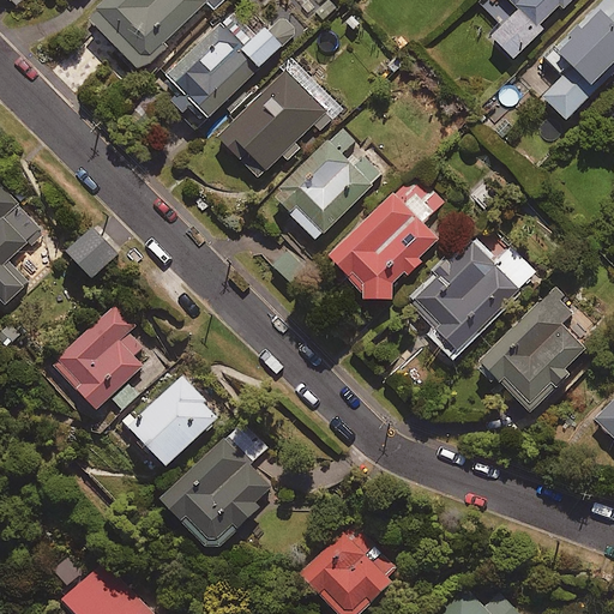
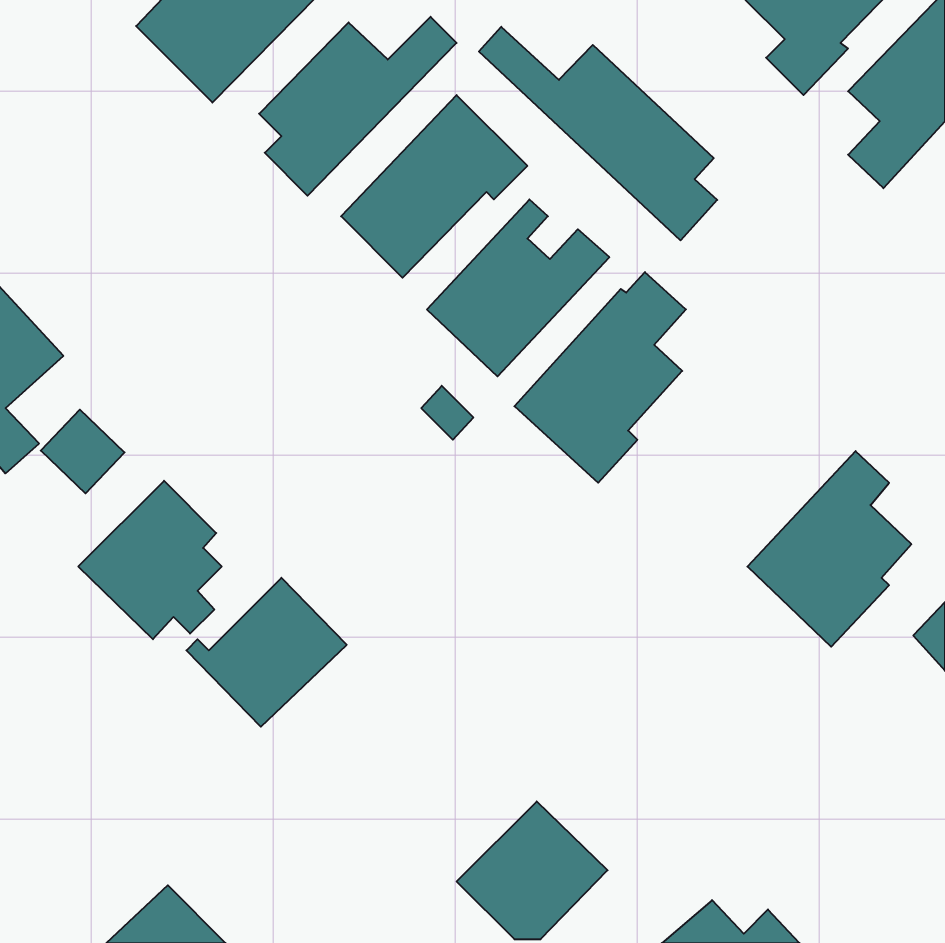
building: none -> [479,27,717,240]
building: [67,228,121,282] -> [41,410,125,493]
building: [410,241,536,355] -> none
building: [159,420,276,552] -> none

